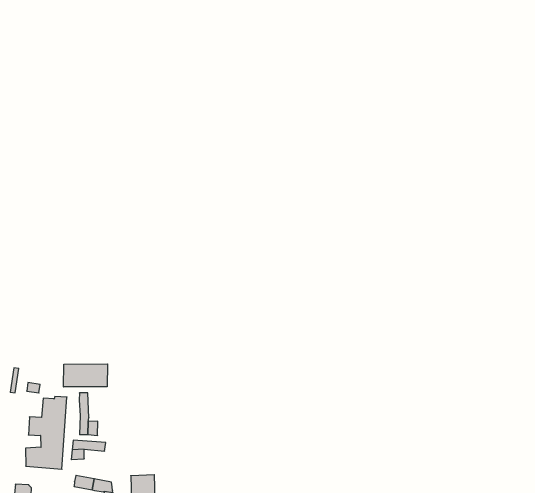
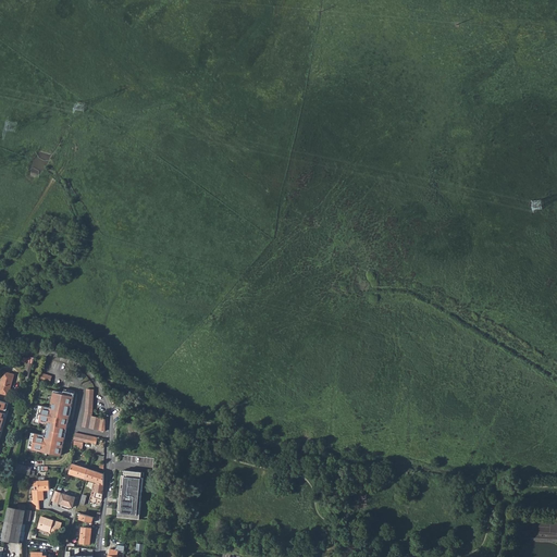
building: [64,364,107,387] -> none

